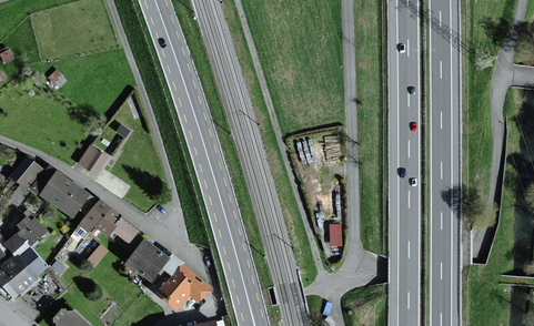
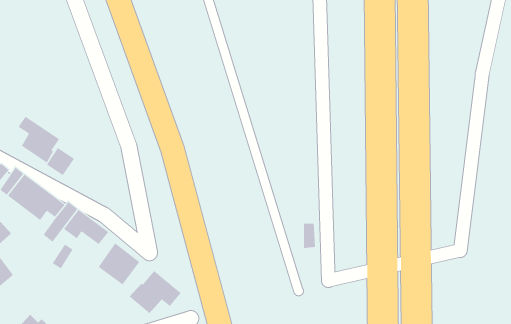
building: none -> [18,116,60,163]

